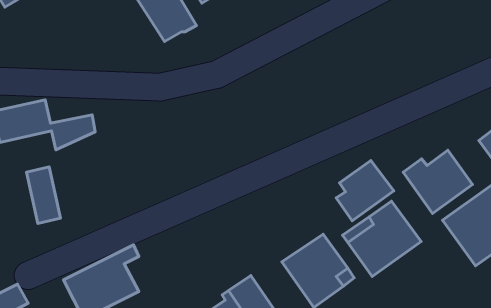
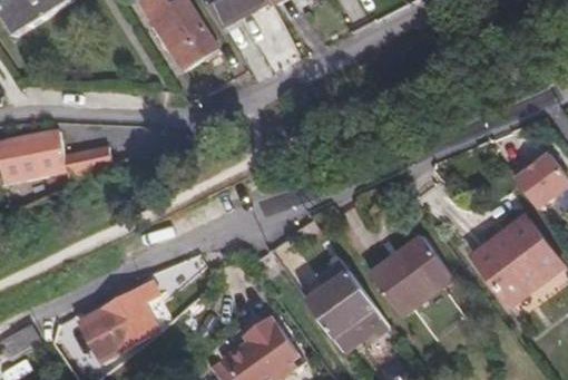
building: [403,150,473,213] -> none
building: [336,161,394,221] -> none
building: [26,167,60,224] -> none

